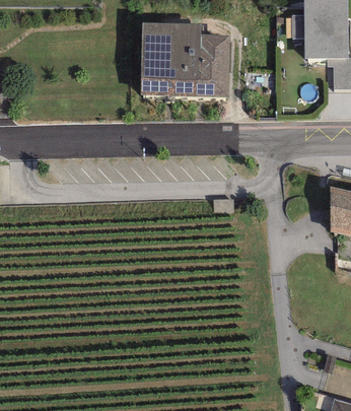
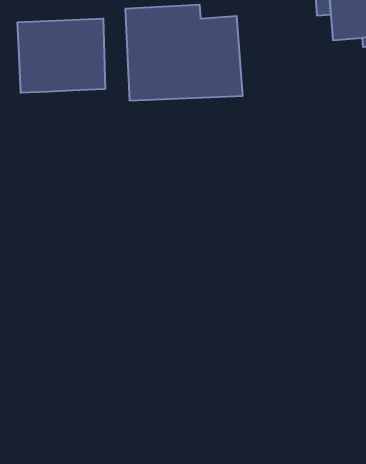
building: none -> [18,18,105,93]

